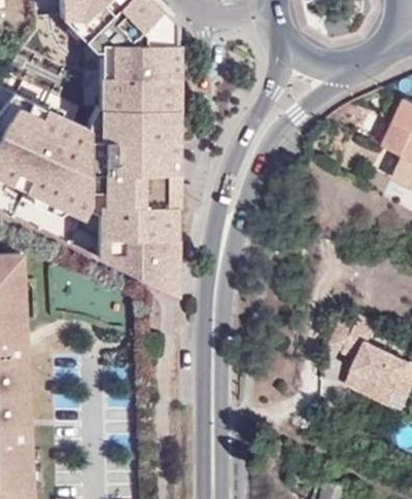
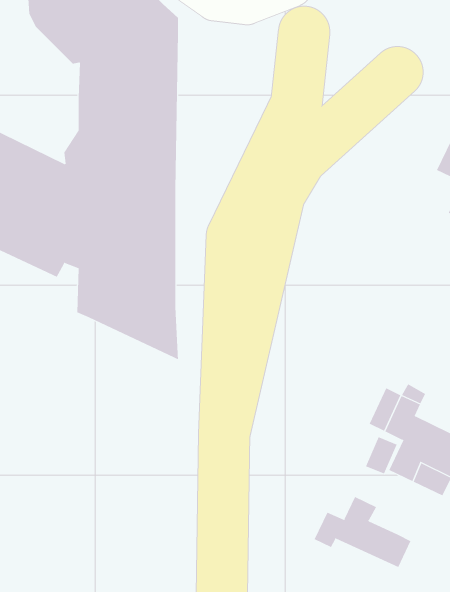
building: none -> [314,496,411,568]

